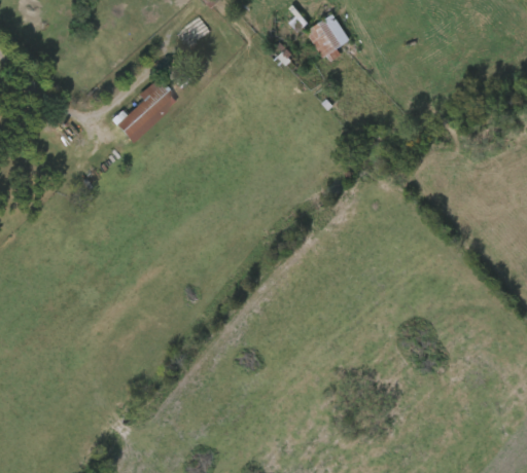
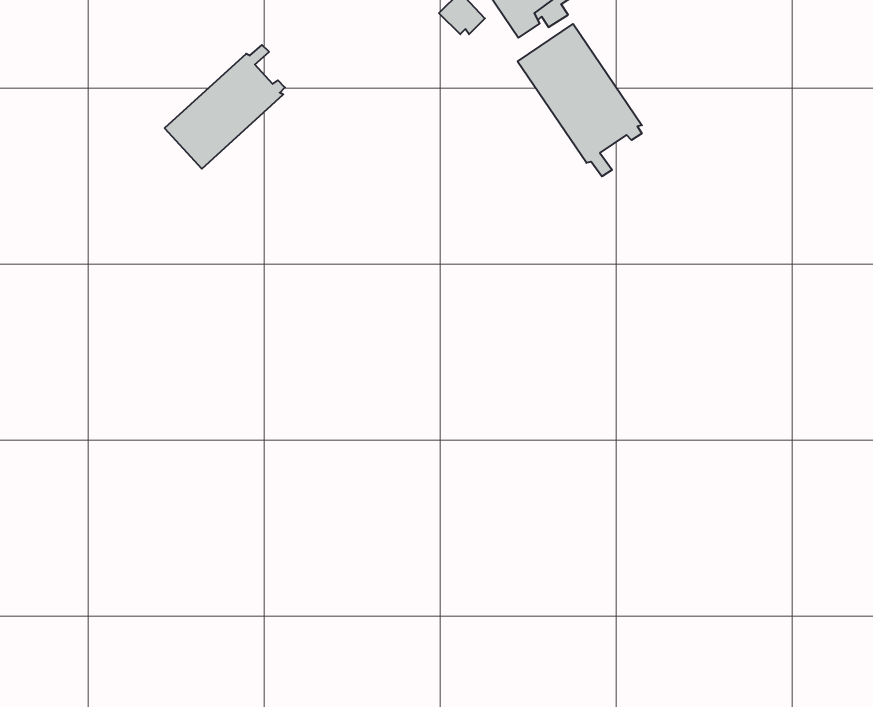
building: none -> [518,24,642,176]

